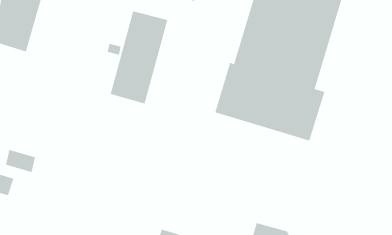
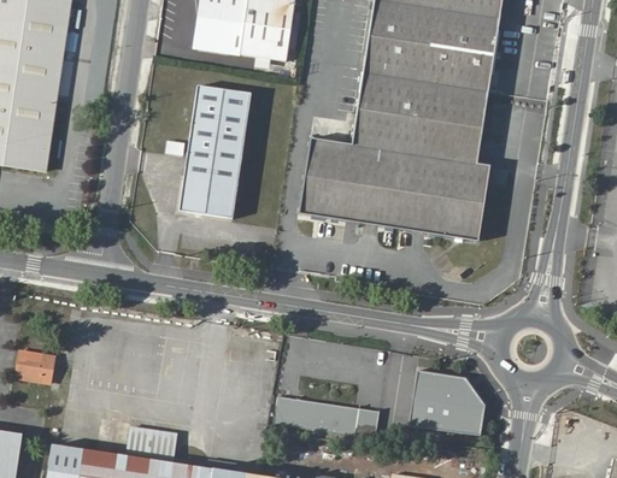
building: none -> [298,136,345,217]
building: [5,149,35,173] -> none

